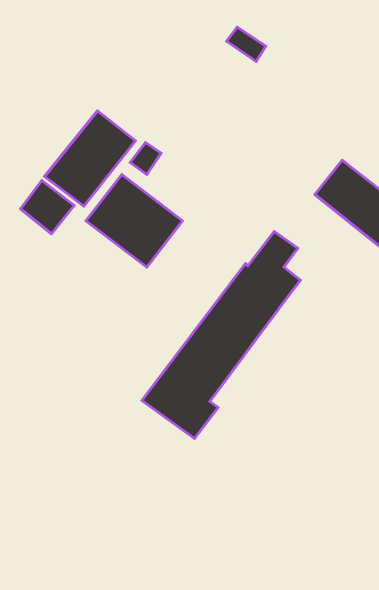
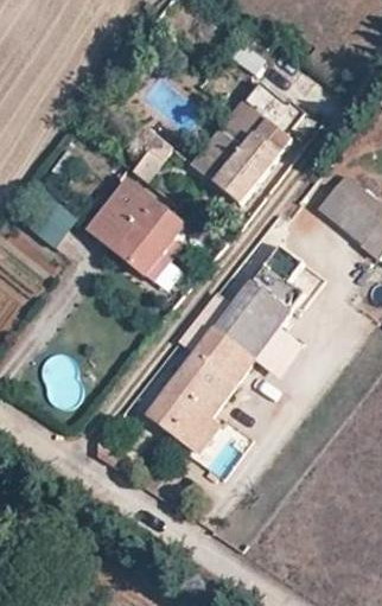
building: none -> [192,83,304,208]
building: [45,111,135,206] -> none

